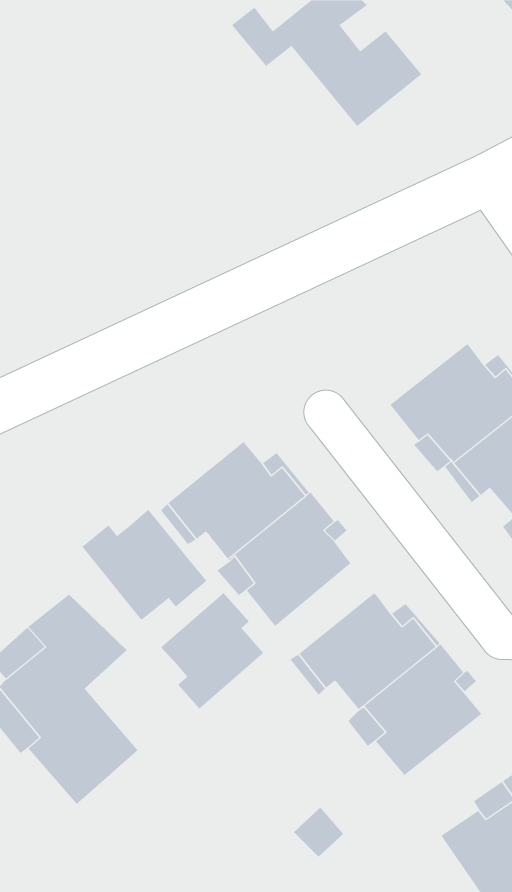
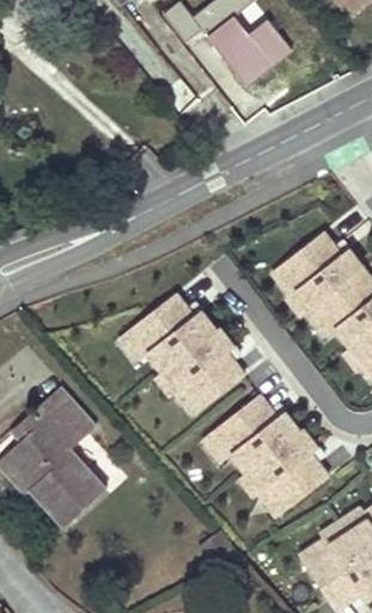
building: [81,509,207,621] -> none
building: [160,592,264,710] -> none

